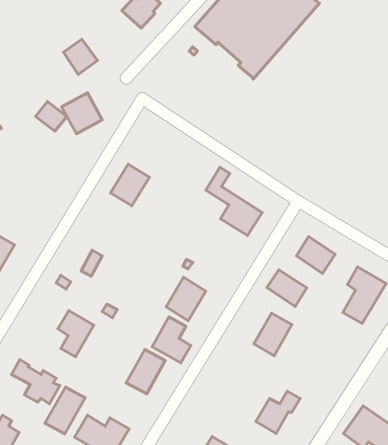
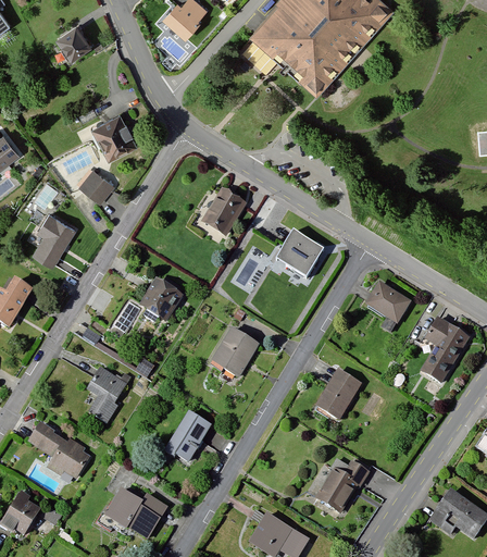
building: [63,39,98,75] -> [54,22,95,63]
building: [35,102,67,131] -> [77,168,114,202]
building: [111,164,149,206] -> [200,187,246,236]
building: none -> [32,211,75,267]
building: none -> [141,274,186,321]
building: [267,270,307,306] -> none
building: [152,317,191,363] -> none
building: [45,387,85,434] -> none

